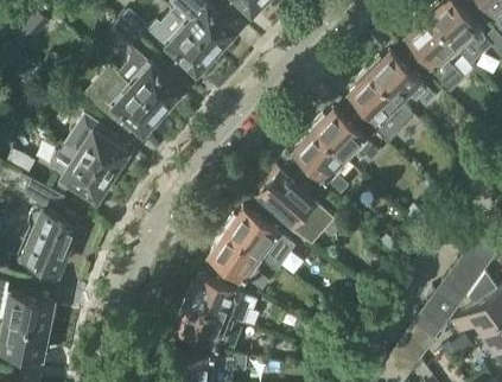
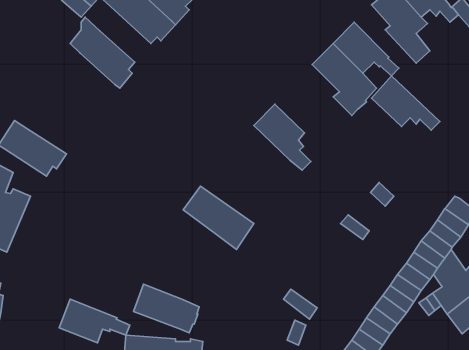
building: [83,66,166,133] -> none
building: [314,109,380,161] -> [372,76,440,130]
building: [65,115,127,178] -> none
building: [259,170,335,244] -> none
building: [210,231,268,289] -> none
building: [189,275,256,317] -> [59,299,130,343]

